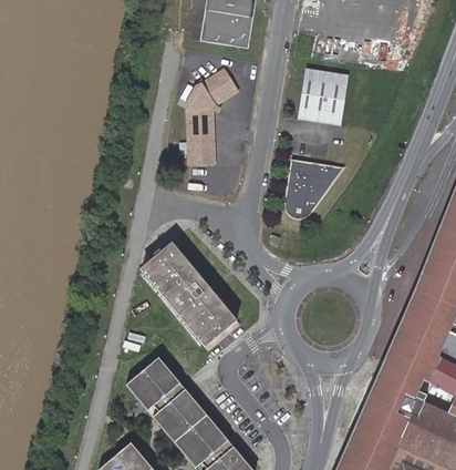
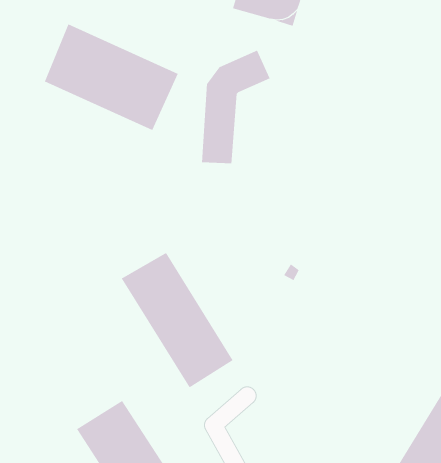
building: [298,67,348,123] -> none
building: none -> [44,23,178,131]
building: [286,159,342,217] -> none

